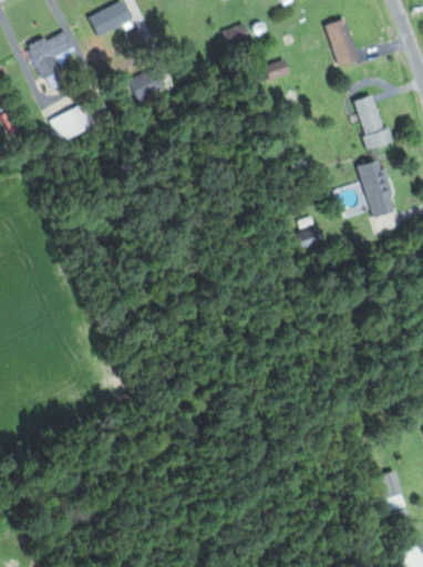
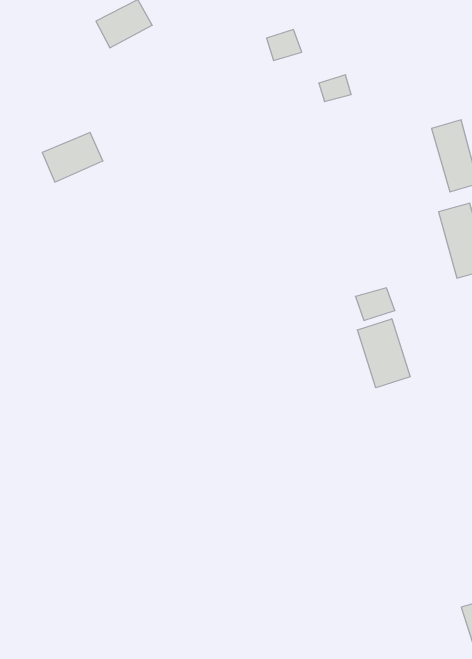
building: [324,18,360,66] -> none
building: [28,29,74,81] -> none
building: [128,68,164,101] -> none
building: none -> [357,319,410,388]

